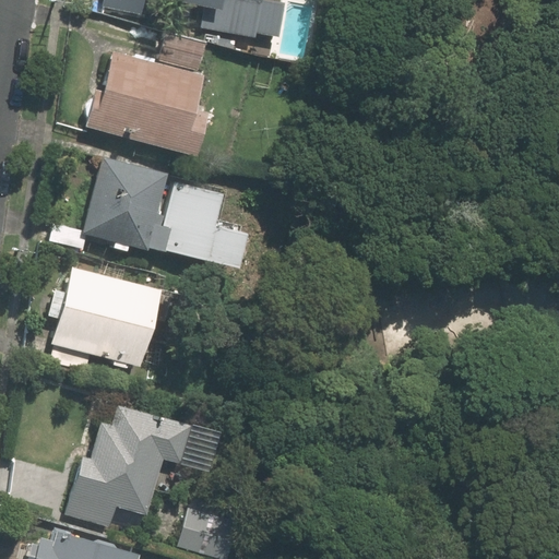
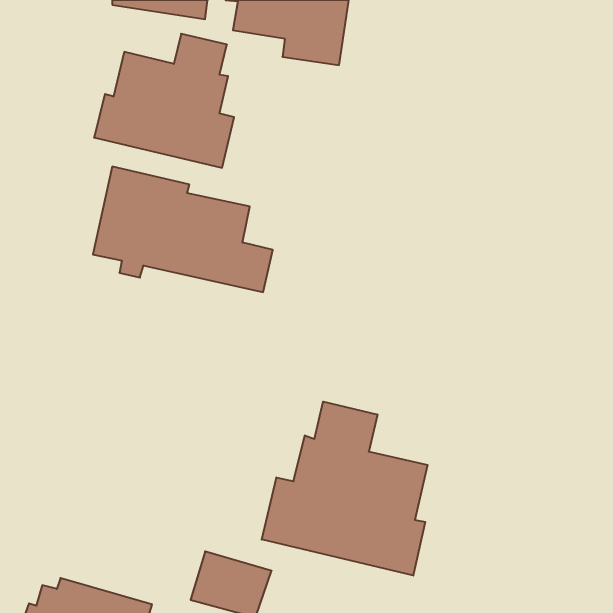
building: [47,265,162,367] -> none
building: none -> [262,402,428,576]
building: [63,402,211,527] -> none

